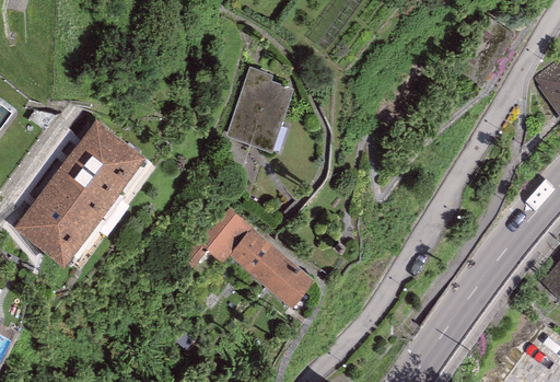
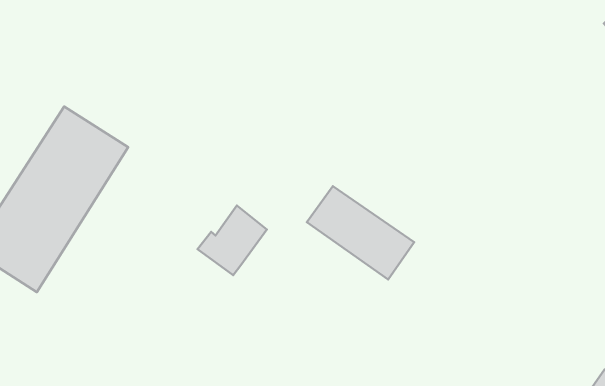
building: [228,68,293,153] -> none
building: [230,230,315,308] -> [307,186,414,279]

